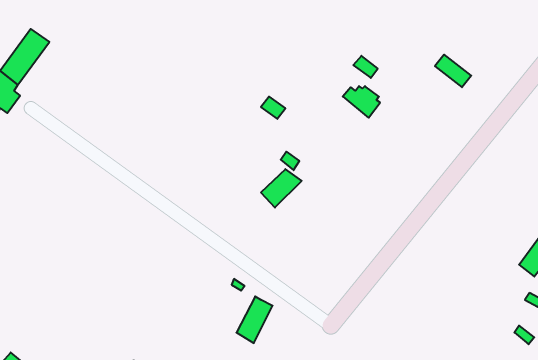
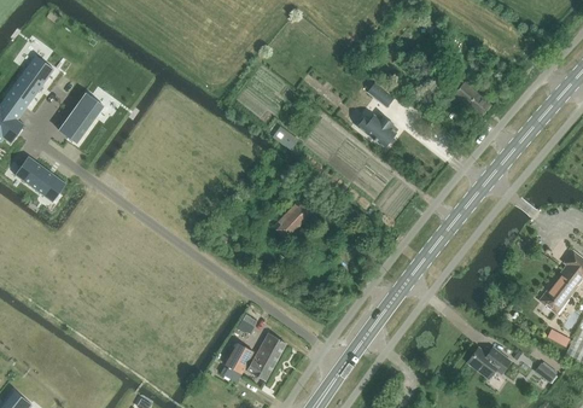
building: none -> [60,94,104,144]
building: none -> [14,156,66,202]
building: none -> [220,343,252,383]
building: none -> [466,346,511,378]

